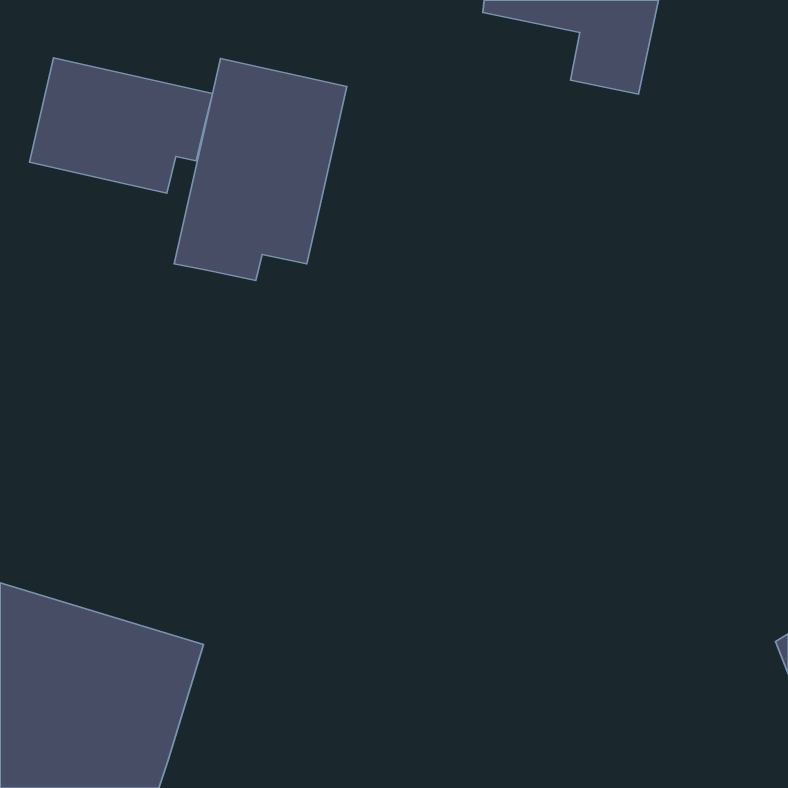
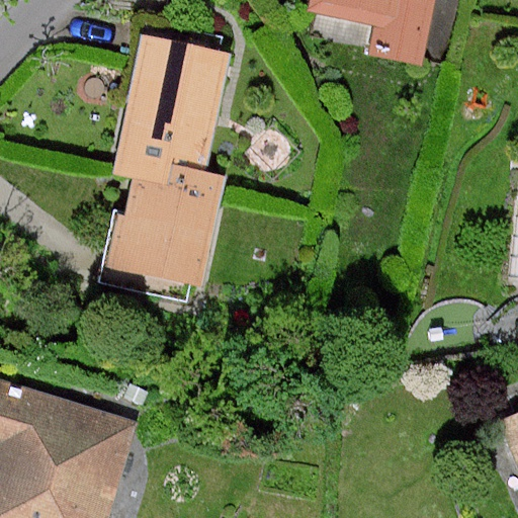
building: [29,58,213,193] -> none
building: none -> [114,167,221,283]

